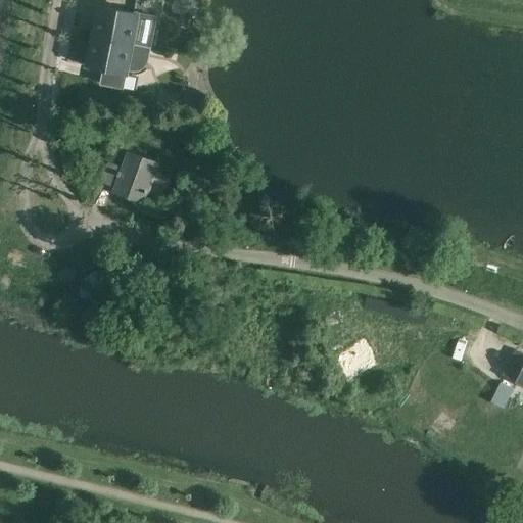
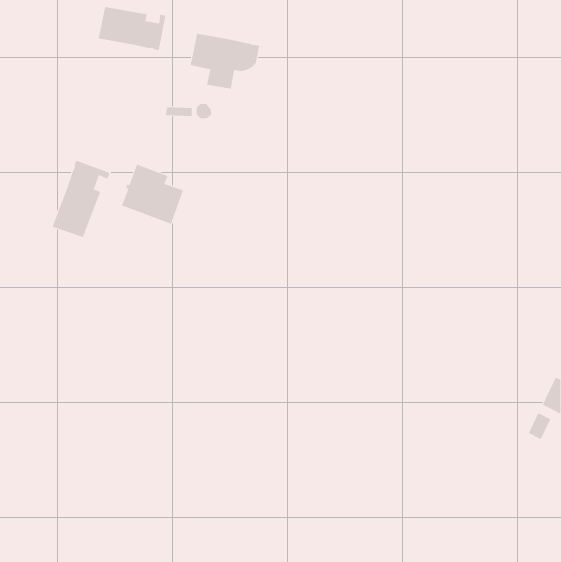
building: [85,36,150,88] -> [190,33,260,89]
building: none -> [52,160,110,238]

